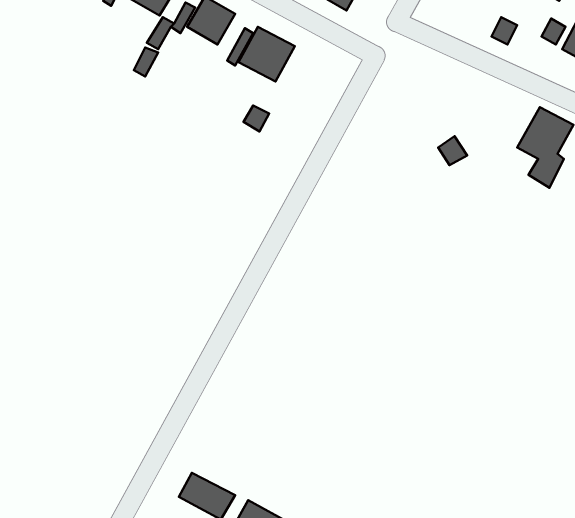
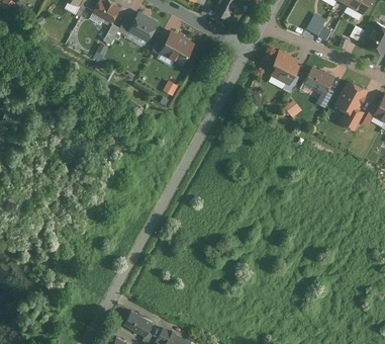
building: none -> [271,51,301,86]
building: none -> [303,68,335,109]

